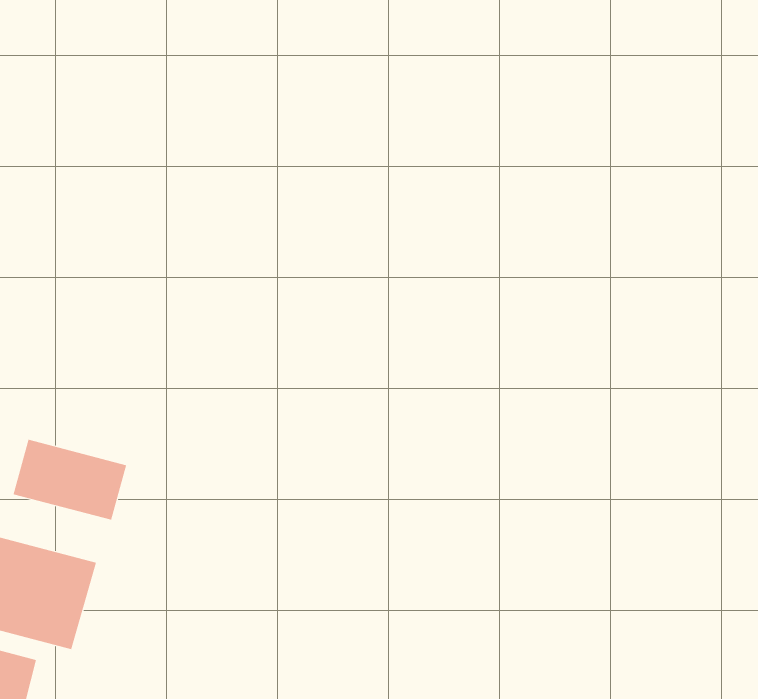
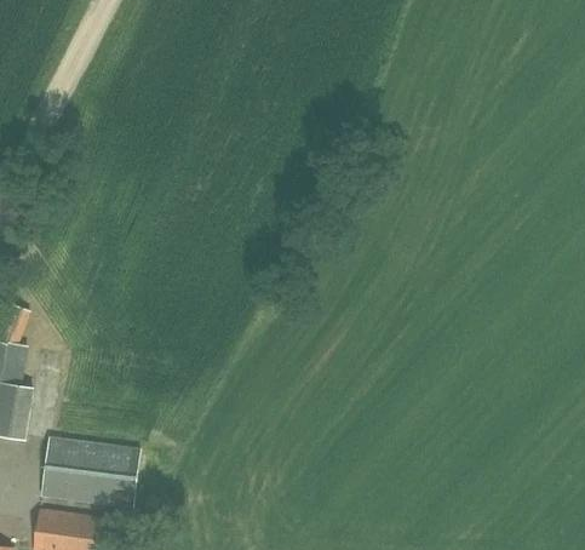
building: [13,439,127,521] -> none

